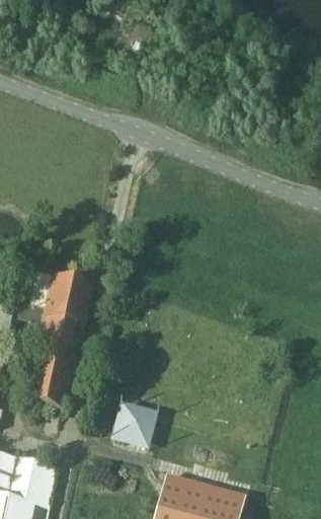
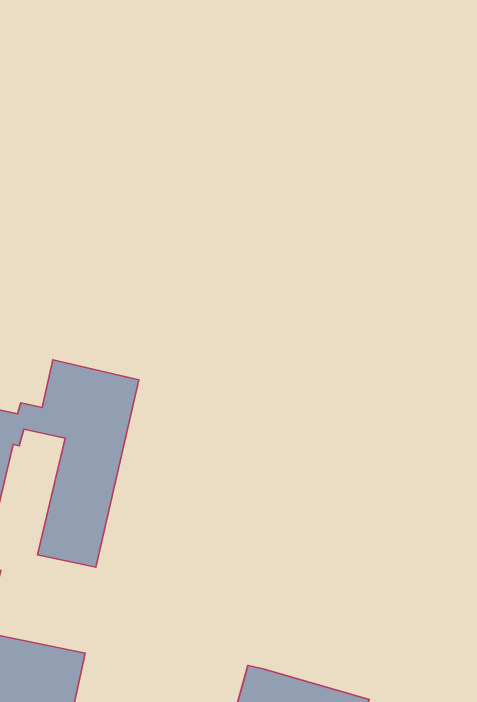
building: [113,401,162,449] -> none

